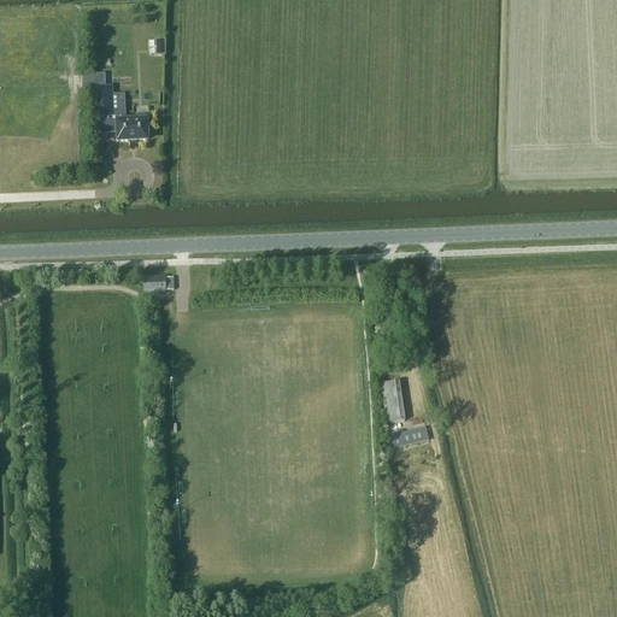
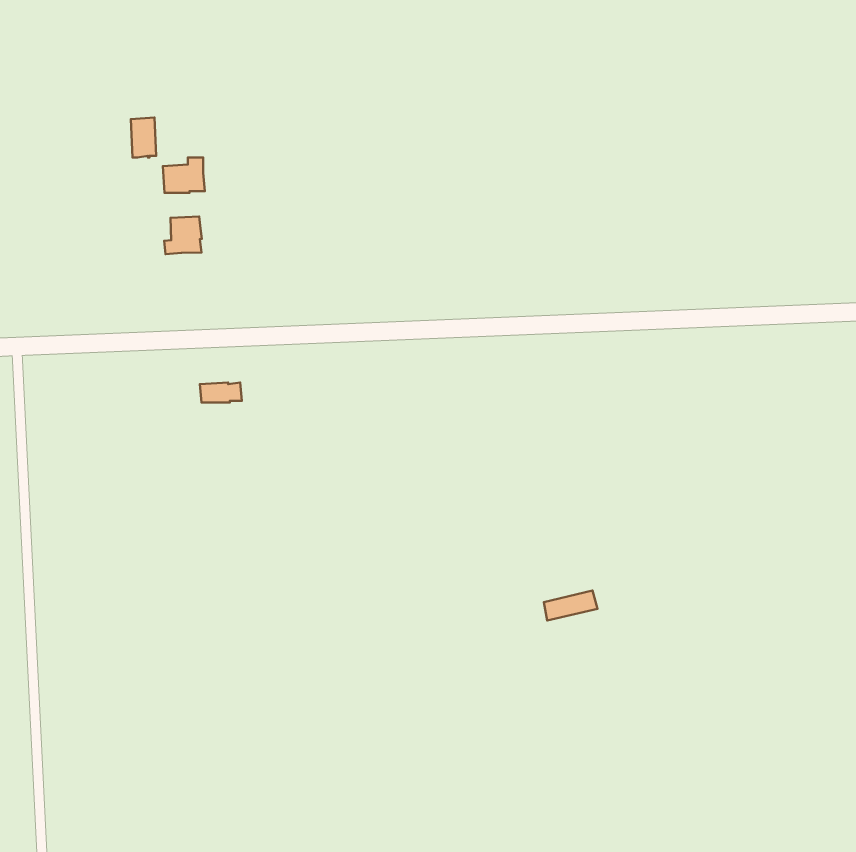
building: none -> [164,217,202,254]
building: [381,380,405,421] -> none

